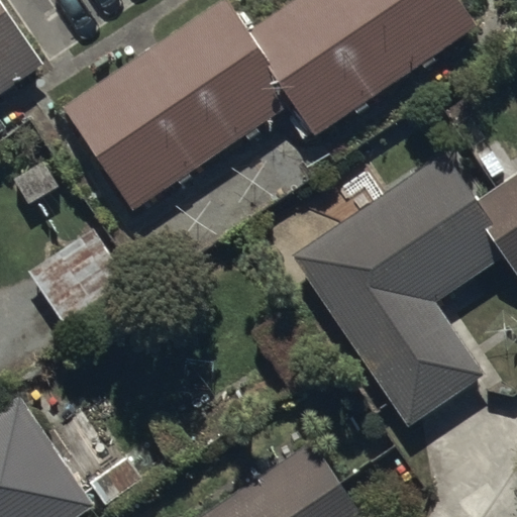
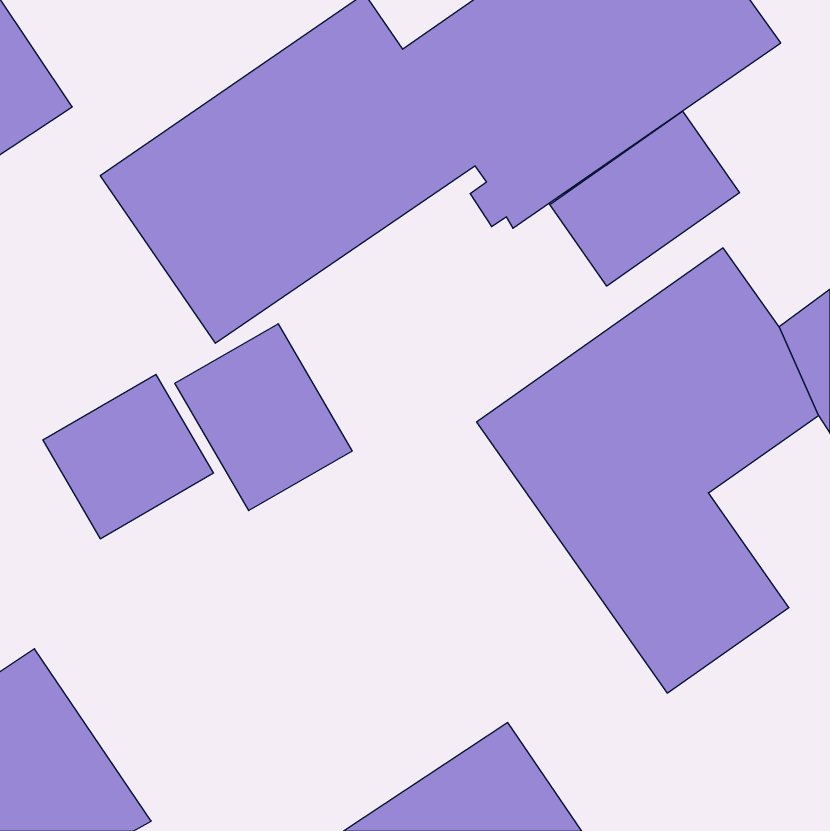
building: none -> [550,111,740,286]
building: none -> [175,324,352,511]

